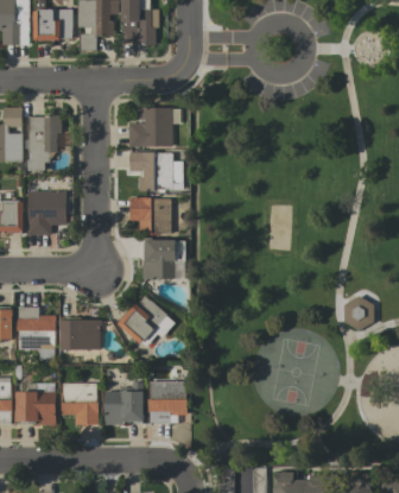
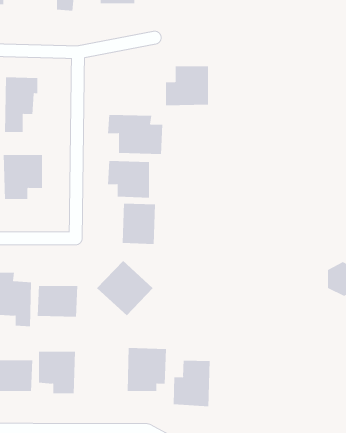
building: [128,108,171,147] -> [165,66,209,106]
building: [103,391,144,424] -> none
building: none -> [173,360,210,407]

